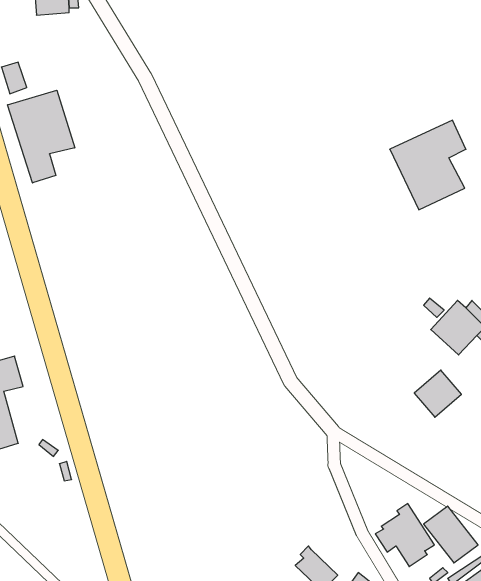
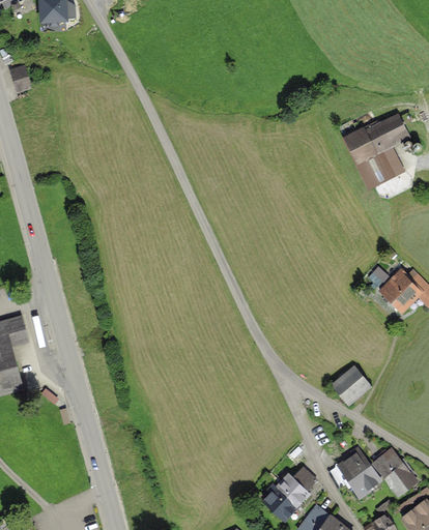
building: [8,90,75,183] -> none
building: [414,370,461,417] -> [332,366,372,407]
building: none -> [276,464,317,504]

